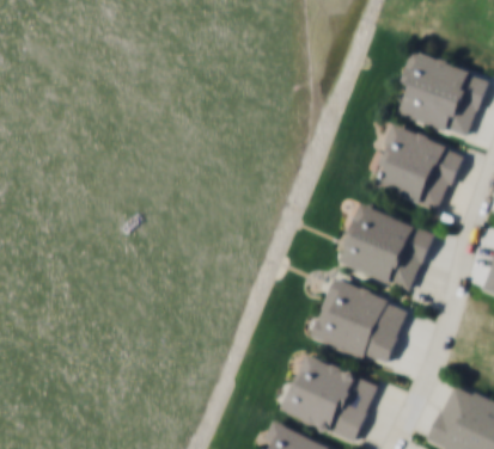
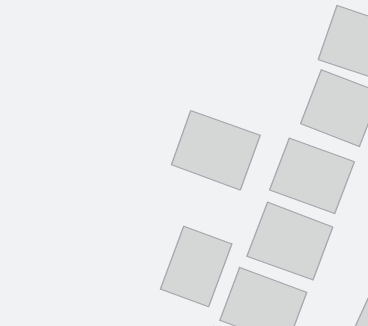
building: none -> [172,111,260,190]
building: none -> [161,226,232,307]

